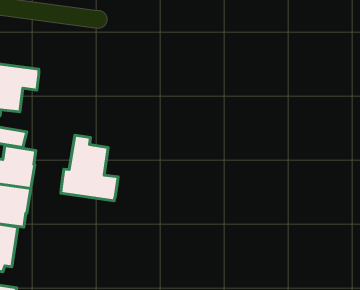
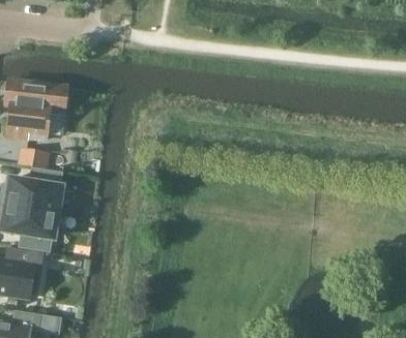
building: [61,135,118,201] -> none

